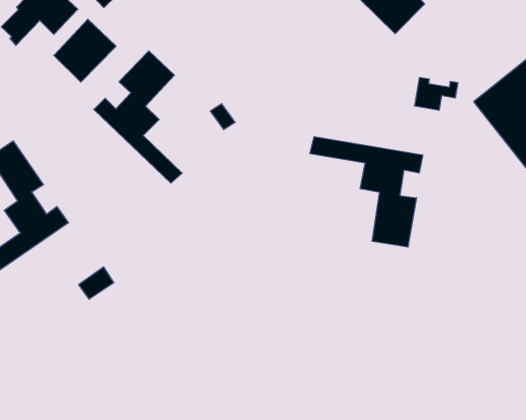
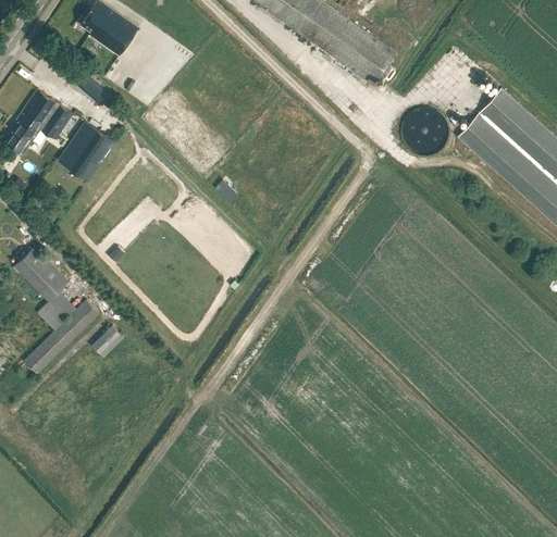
building: [94,51,182,183] -> none
building: [310,137,423,247] -> none
building: [79,267,114,299] -> [91,323,124,355]

